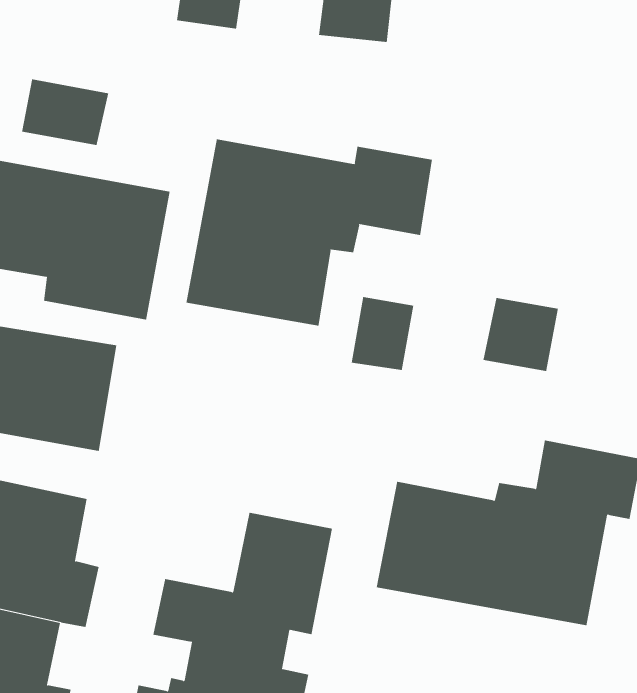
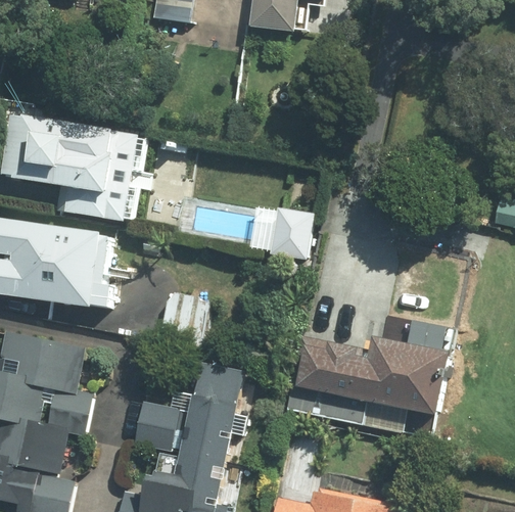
building: [22,79,109,146] -> none
building: [186,138,433,327] -> none
building: [483,297,558,372] -> none

